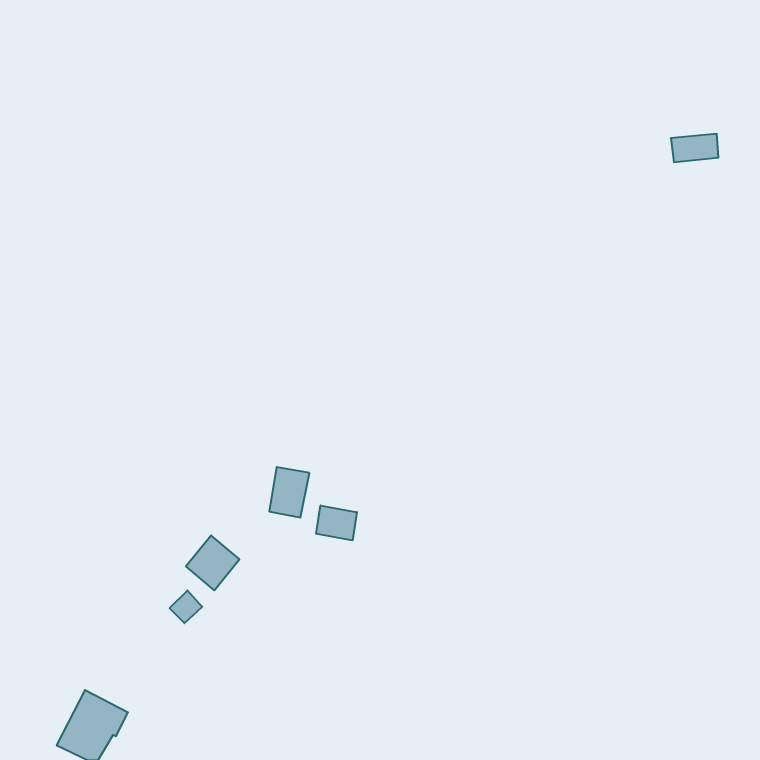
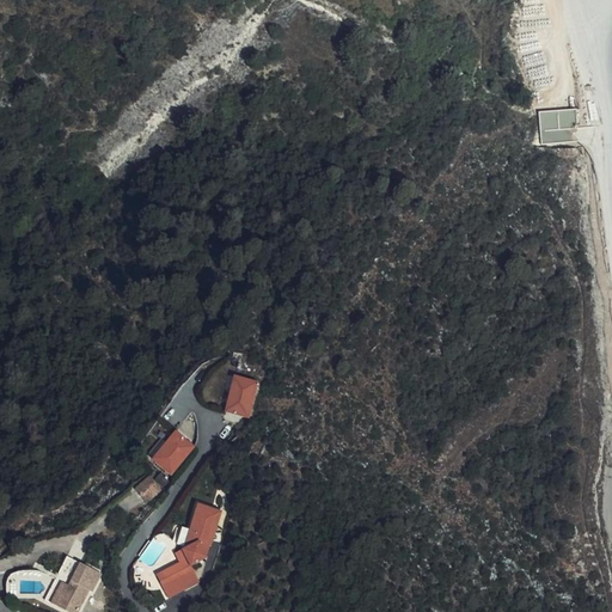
building: [316,505,357,540] -> none
building: none -> [158,504,224,596]

